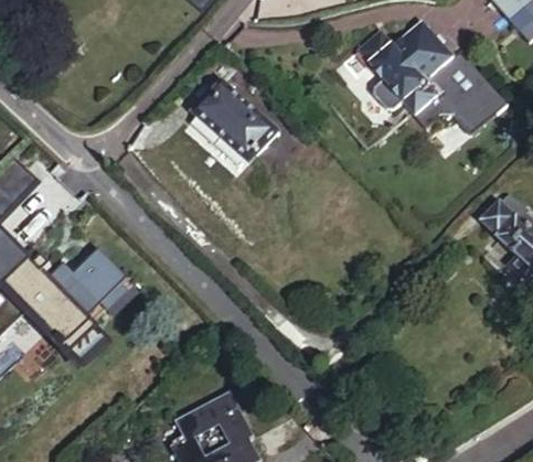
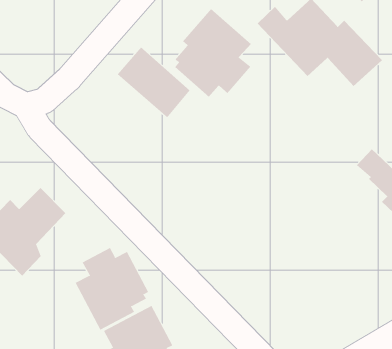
building: none -> [174,8,252,98]
building: none -> [75,247,149,331]

